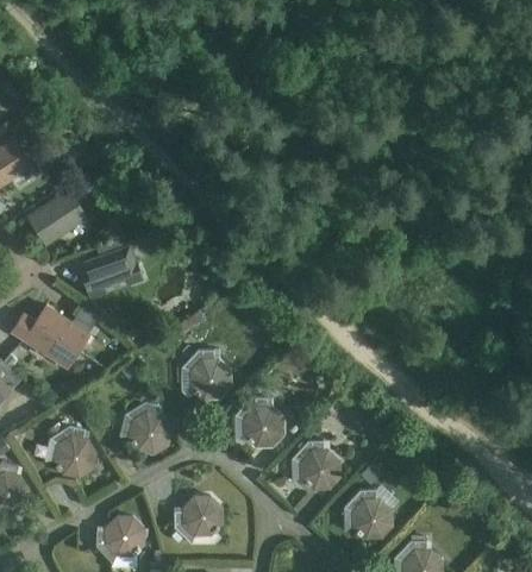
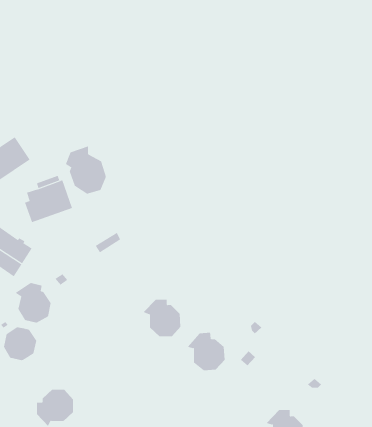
building: none -> [65,145,106,195]
building: [188,357,230,398] -> none
building: [124,401,171,453] -> [15,283,52,323]
building: [342,489,392,539] -> none
building: [173,494,221,543] -> none

